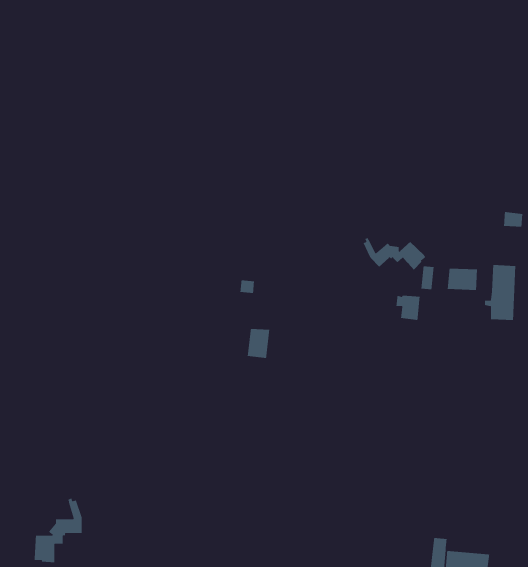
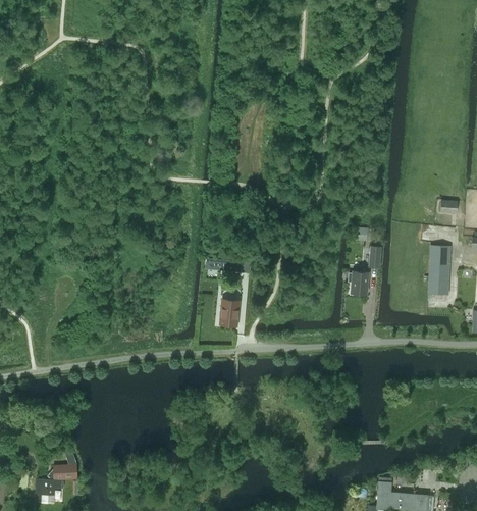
building: [362,237,426,270] -> none
building: [447,268,478,291] -> none

